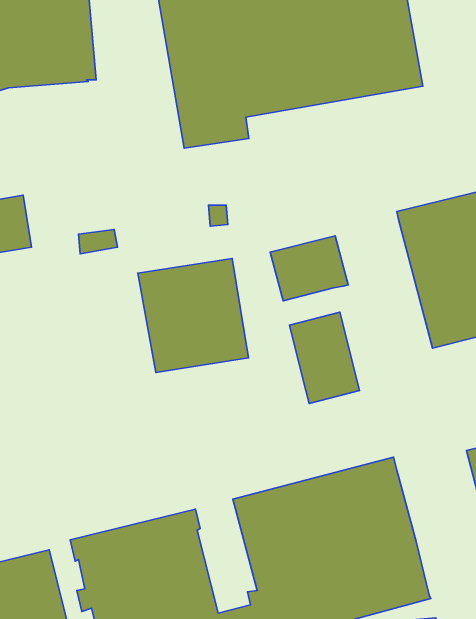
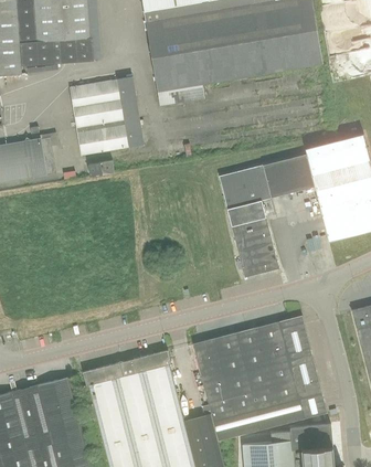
building: none -> [263,153,315,198]
building: [138,259,248,372] -> [70,77,145,155]
building: none -> [227,200,266,225]

